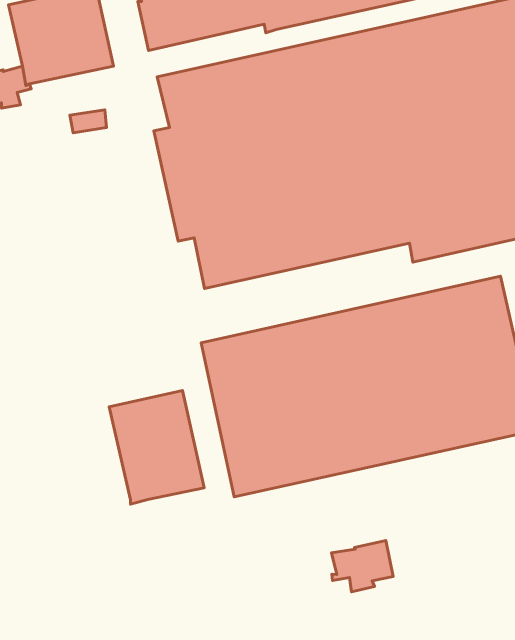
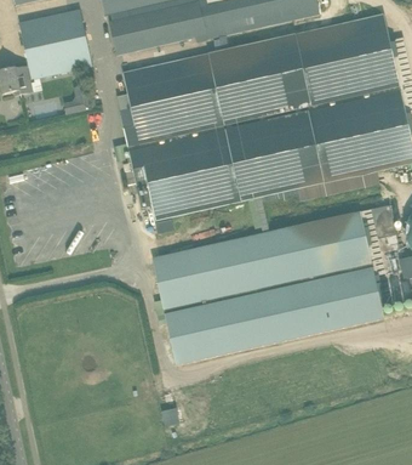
building: [109,390,204,504] -> none
building: [331,540,393,592] -> none

